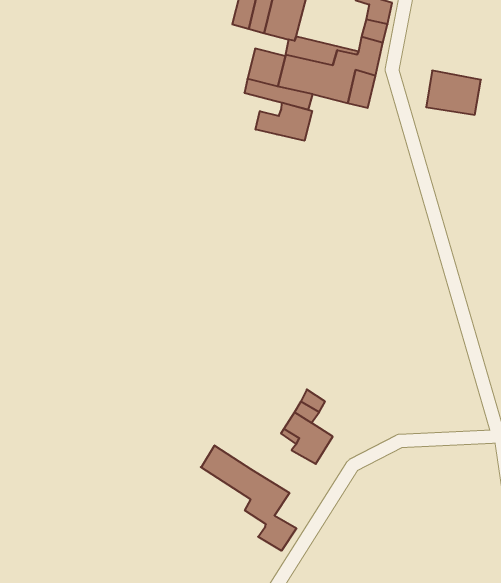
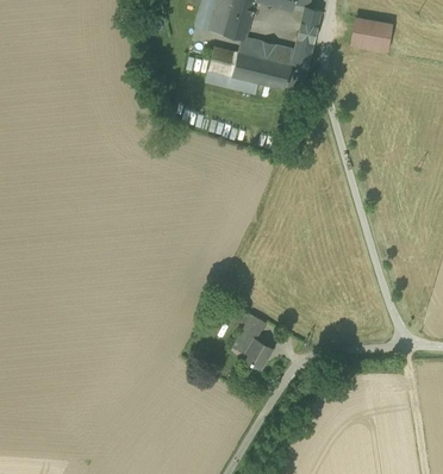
building: [426,71,481,115] -> [349,17,392,51]
building: [256,103,312,141] -> none
building: [201,445,296,551] -> none

